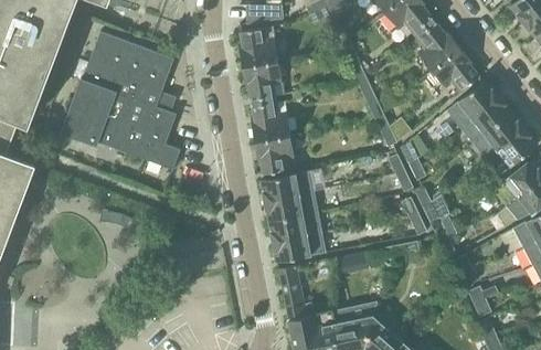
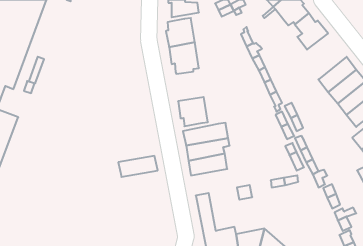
building: [62,30,182,170] -> none
building: [432,47,479,96] -> none
building: [251,99,290,140] -> none
building: [273,233,327,262] -> [118,156,158,177]

